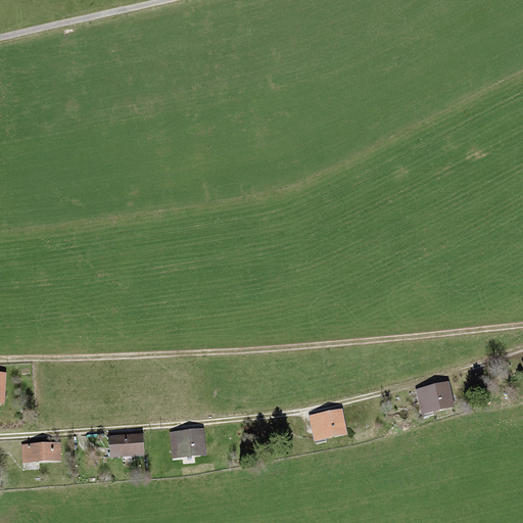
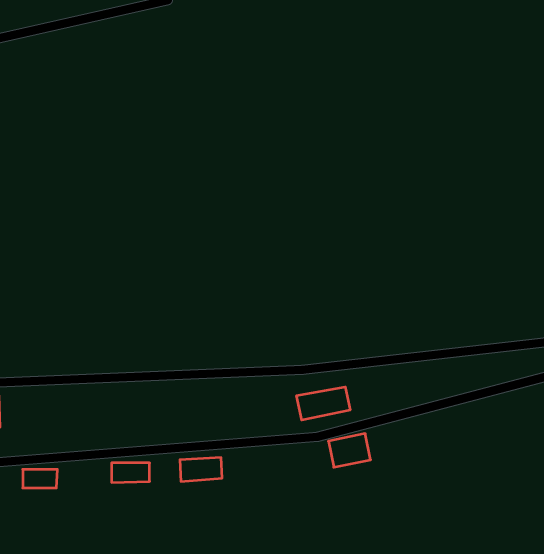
building: none -> [297,387,350,420]
building: [416,383,450,414] -> none

